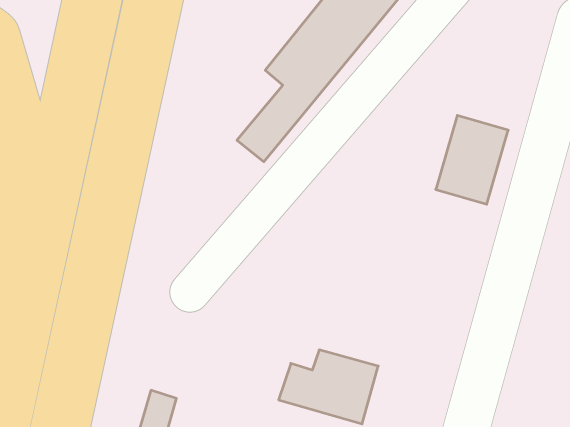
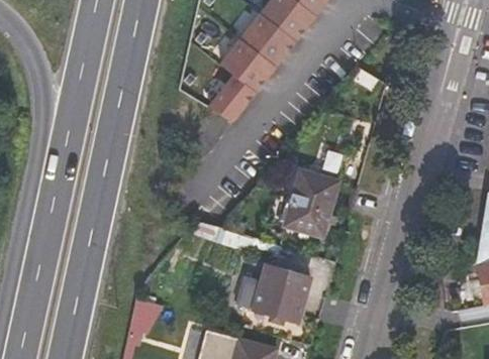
building: [436,115,508,204] -> [285,169,339,236]

